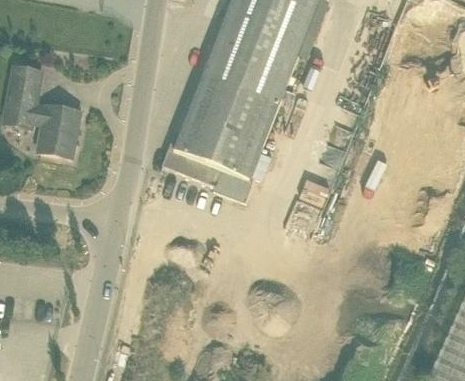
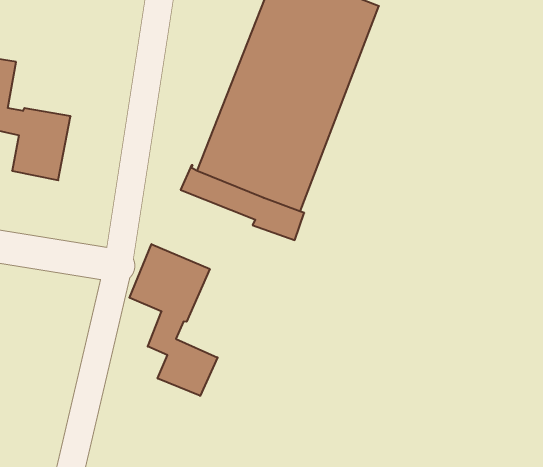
building: none -> [129,244,218,396]

